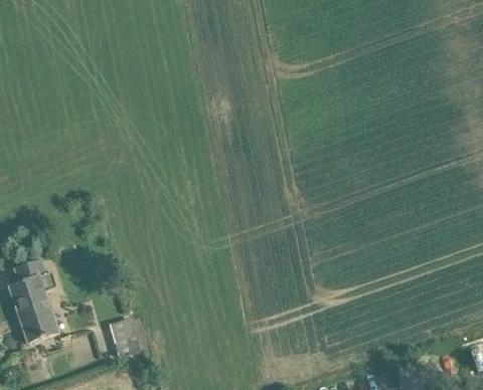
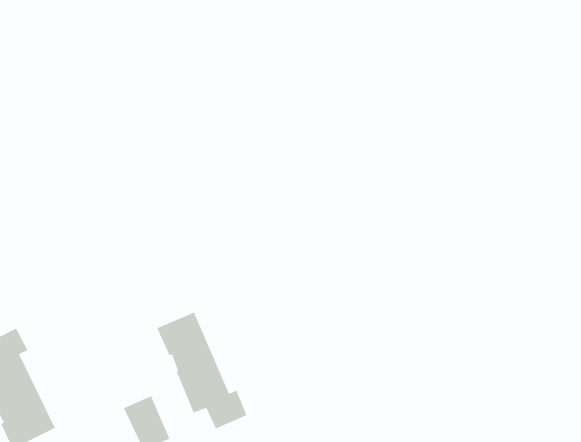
building: none -> [156,312,248,429]

